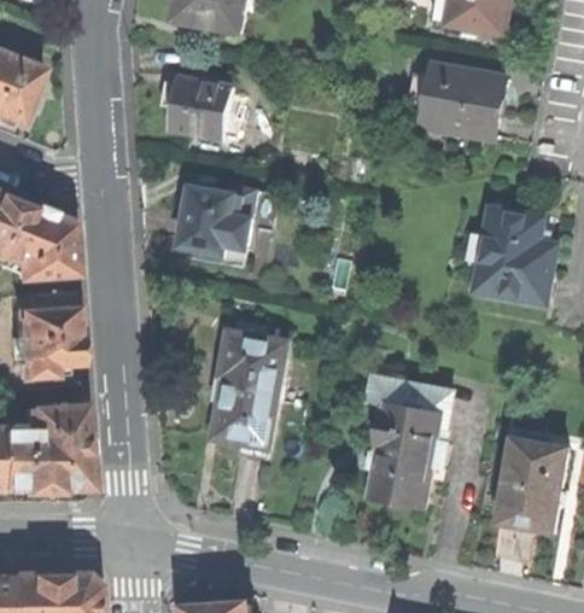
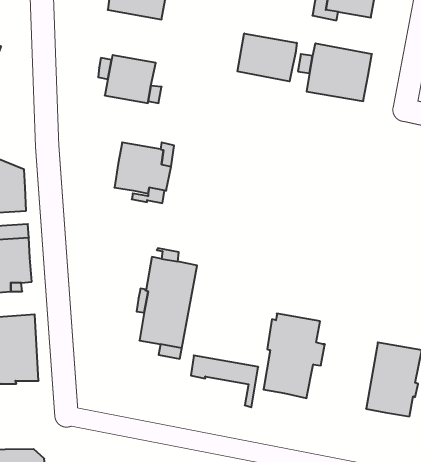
building: none -> [237,33,297,81]
building: [474,206,557,302] -> none
building: [368,376,452,442] -> [191,355,258,407]

